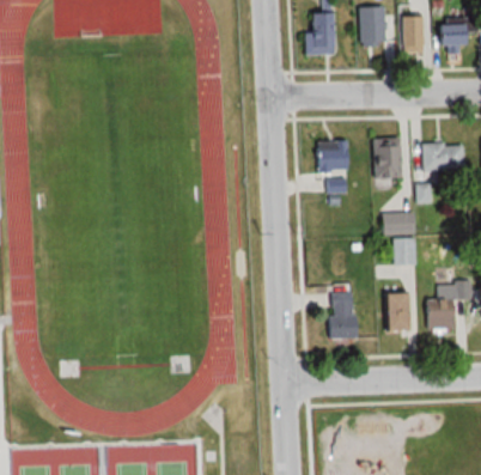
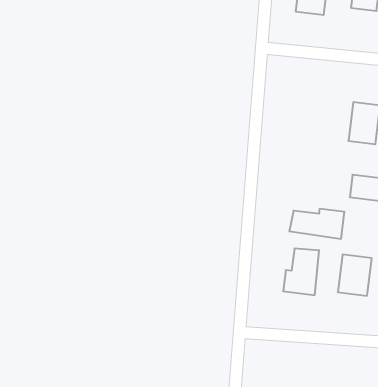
building: [315,141,351,182] -> none
building: none -> [290,209,344,239]

